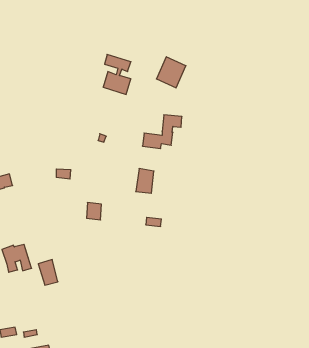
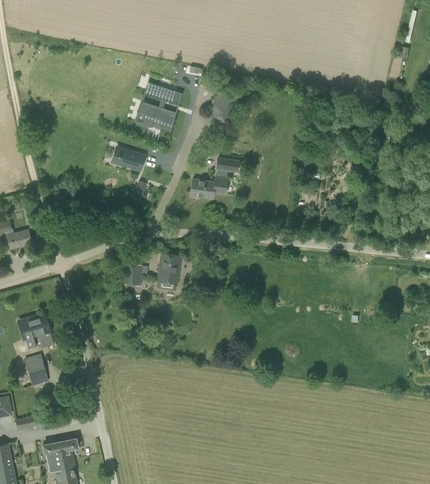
building: none -> [115,148,144,170]
building: [136,169,154,193] -> [157,253,179,283]
building: [38,260,58,285] -> [24,353,48,385]

